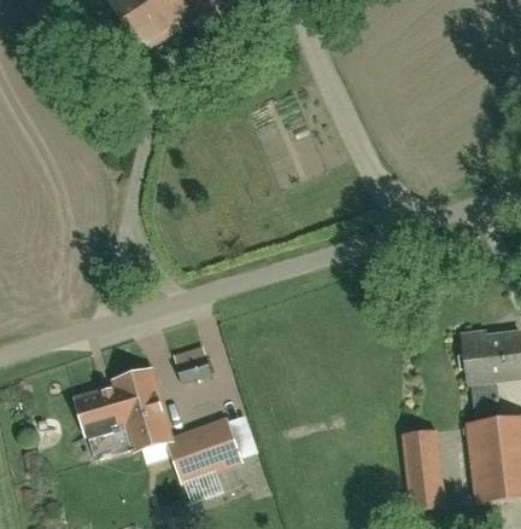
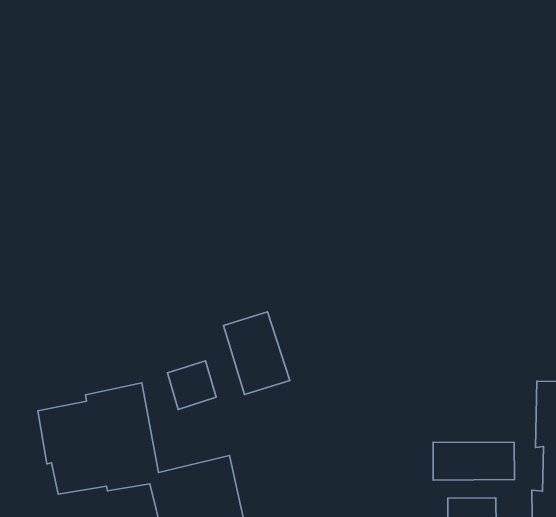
building: none -> [224,312,290,395]
building: none -> [433,442,514,480]

